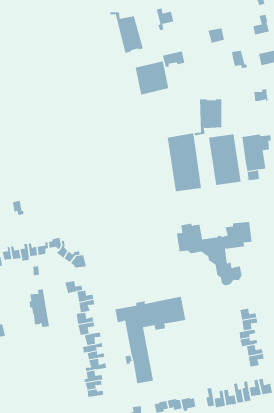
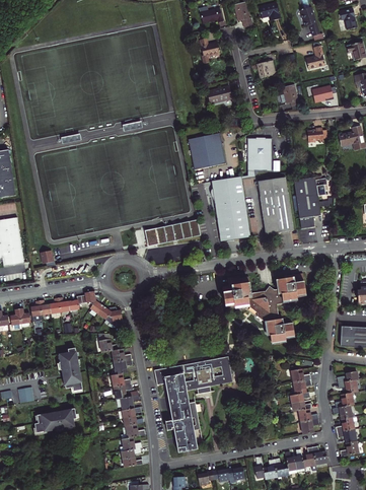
building: [110,11,143,54] -> none
building: [135,61,169,95] -> [189,132,226,169]
building: none -> [145,223,200,247]
building: none -> [35,408,77,431]

